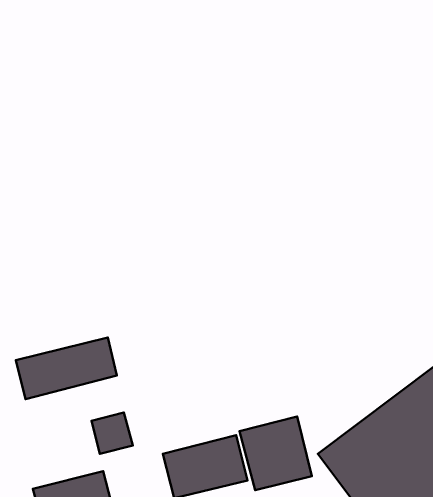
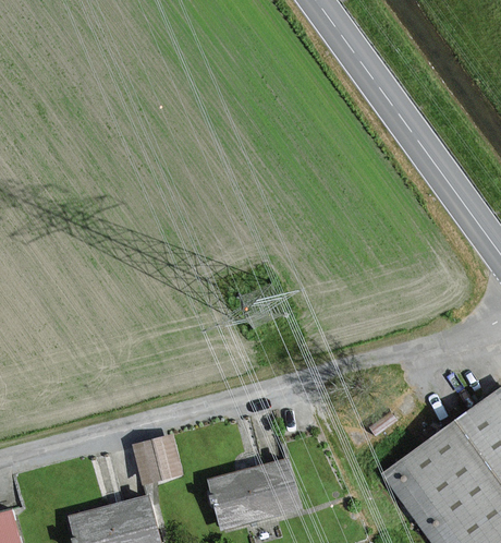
building: [16,337,117,399] -> none
building: [240,417,312,490] -> none

